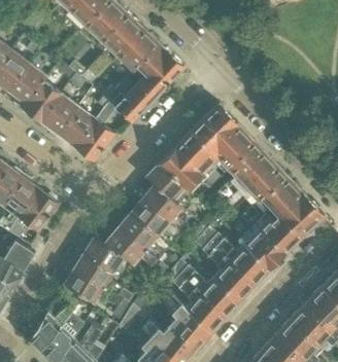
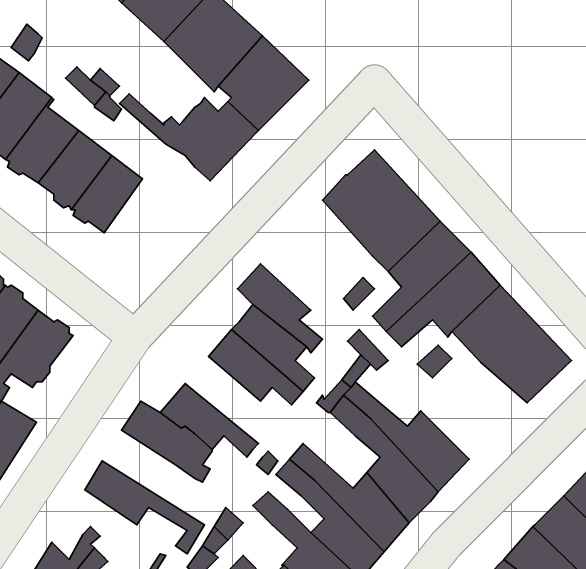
building: [74,101,117,161] -> none
building: [158,131,217,191] -> none
building: [117,214,163,260] -> none
building: [242,217,300,268] -> none
building: [73,253,133,303] -> none

